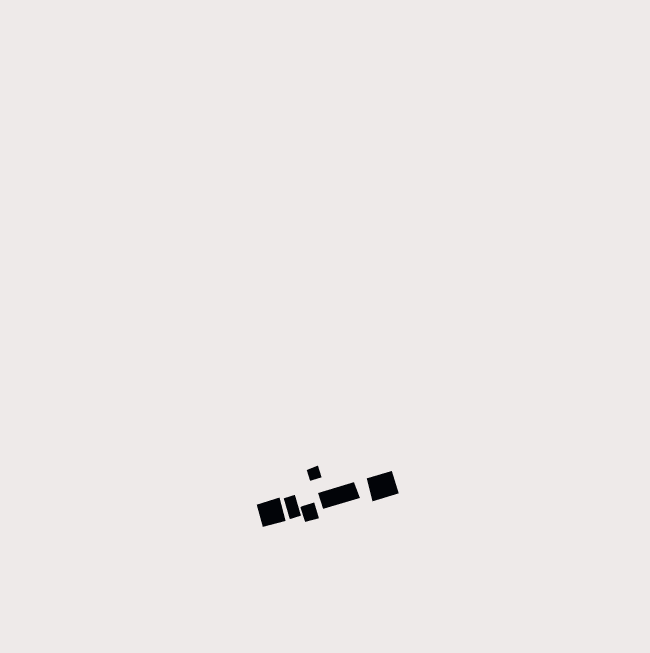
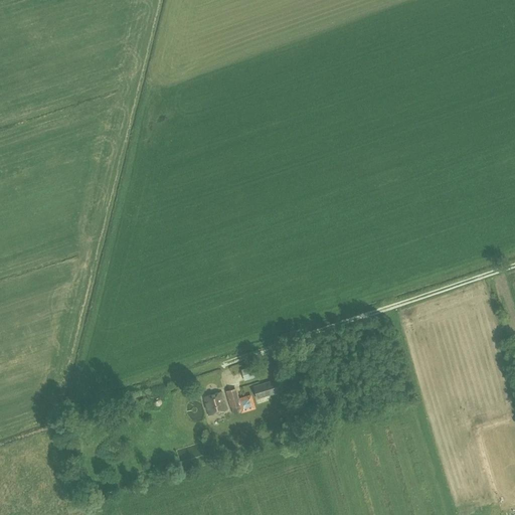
building: [366,470,399,502] -> none

